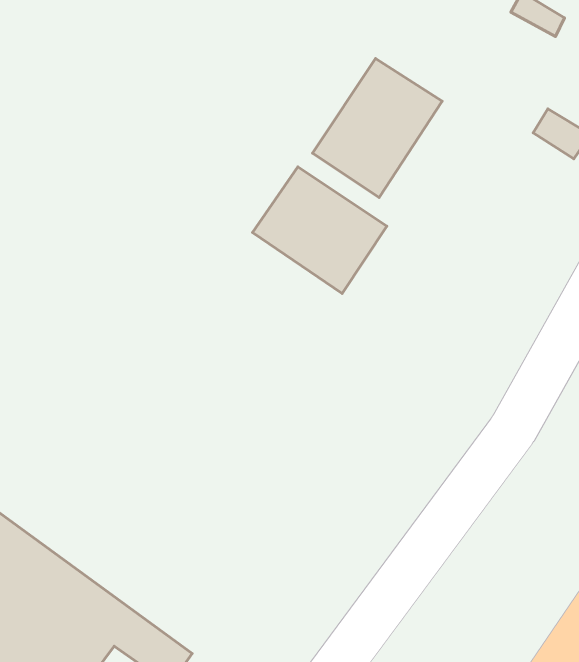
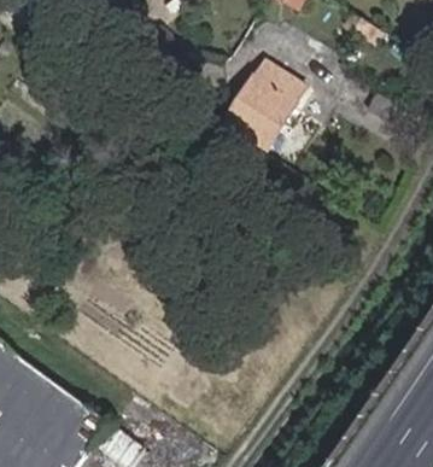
building: [253,167,387,293] -> none

